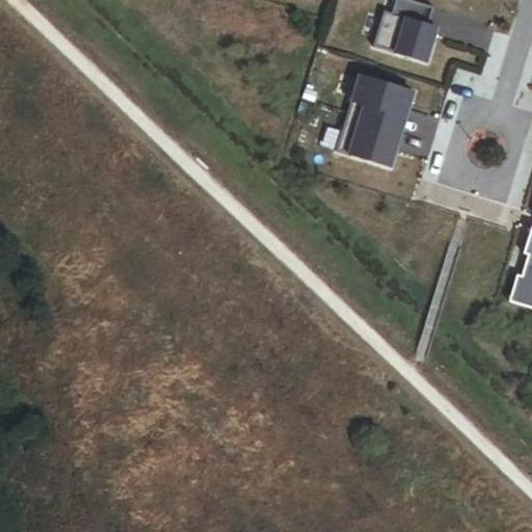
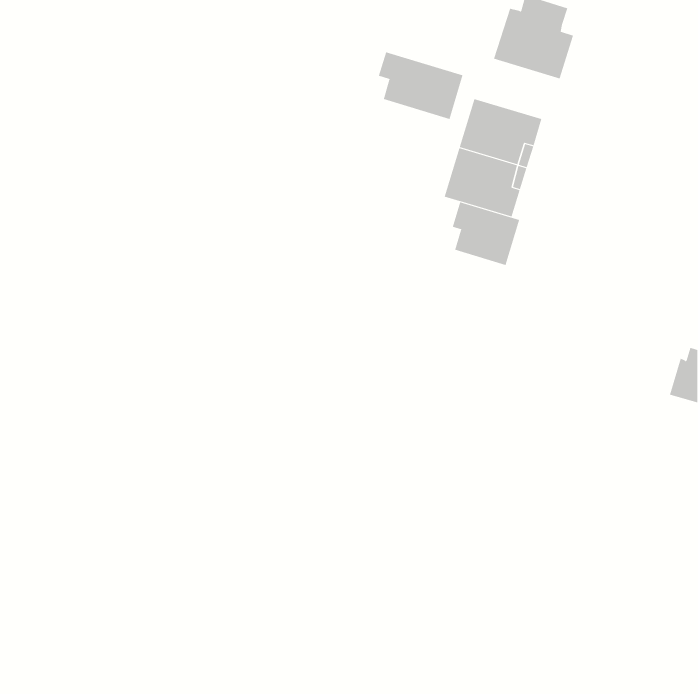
building: none -> [378,51,463,120]
building: none -> [452,202,520,266]

